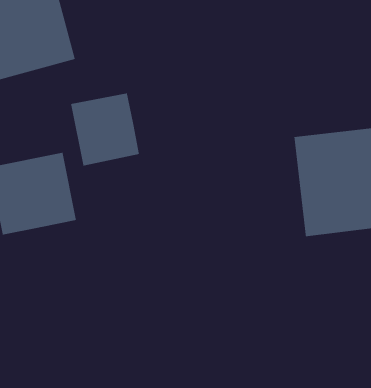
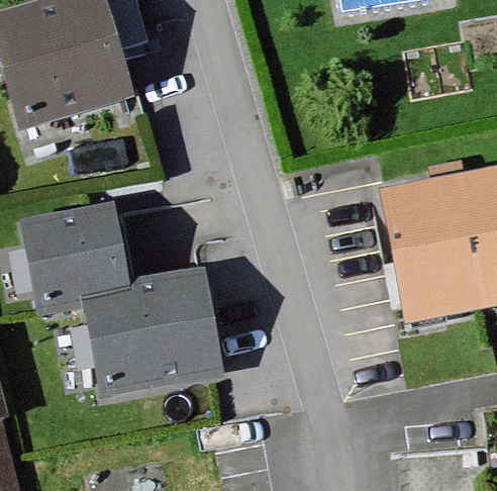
building: [70,93,140,166] -> none
building: none -> [86,276,216,389]

